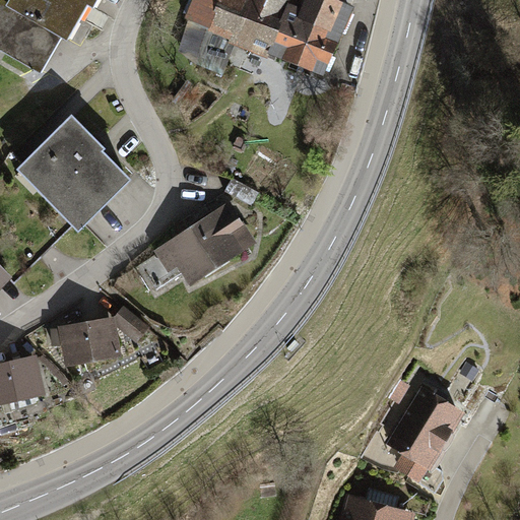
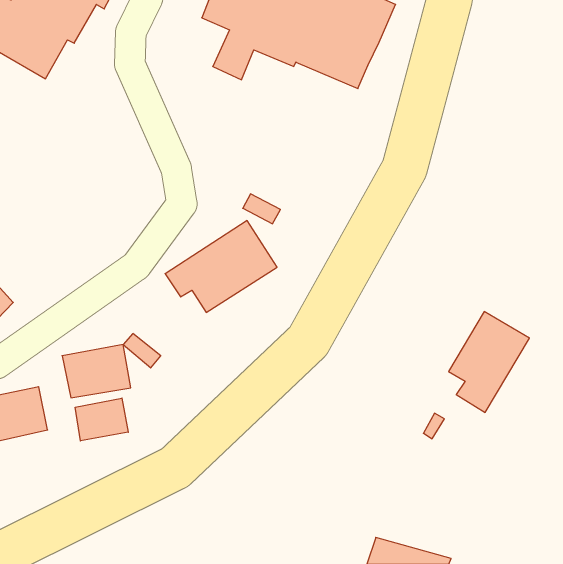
building: [17,114,131,232] -> none
building: none -> [75,398,128,441]
building: [382,389,456,481] -> [449,312,529,412]

